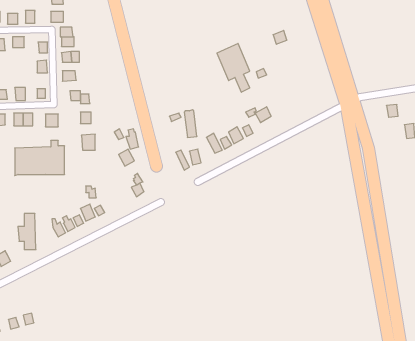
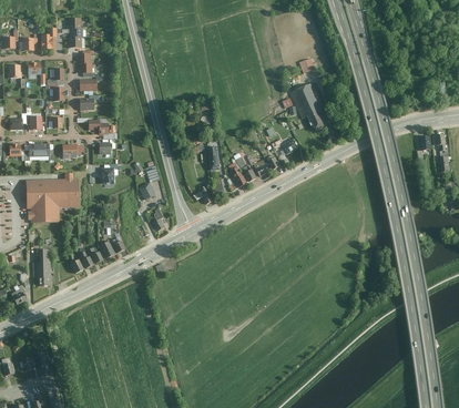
building: [217,43,250,92] -> [290,81,325,132]
building: none -> [29,207,61,223]

